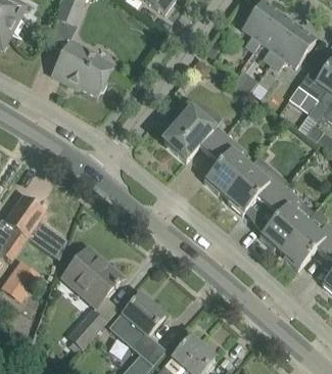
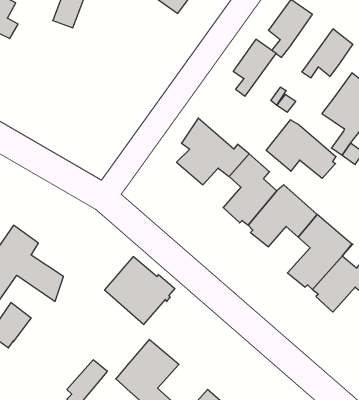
building: [260,14,297,63] -> [233,39,276,96]
building: [52,40,113,96] -> none
building: none -> [266,120,336,178]
building: [61,249,122,308] -> [105,257,175,324]

